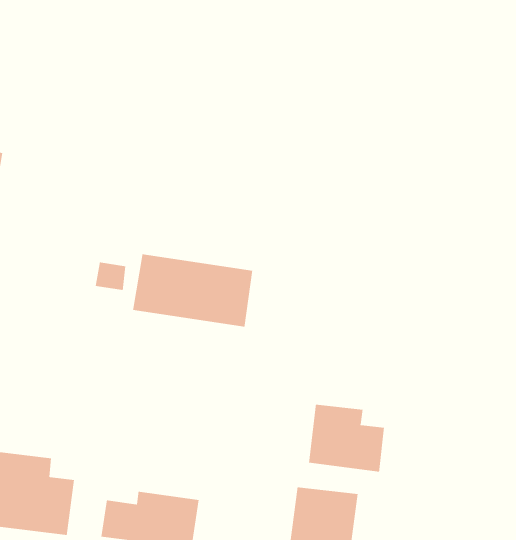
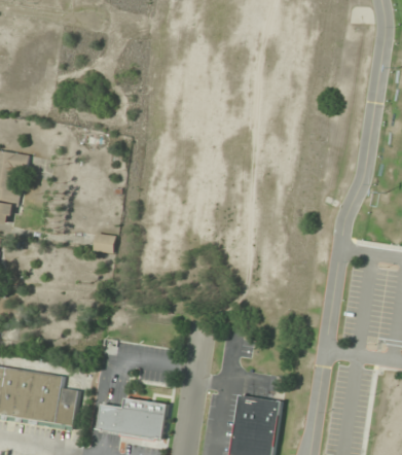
building: [132,254,253,327] -> none
building: [308,404,385,472] -> none

